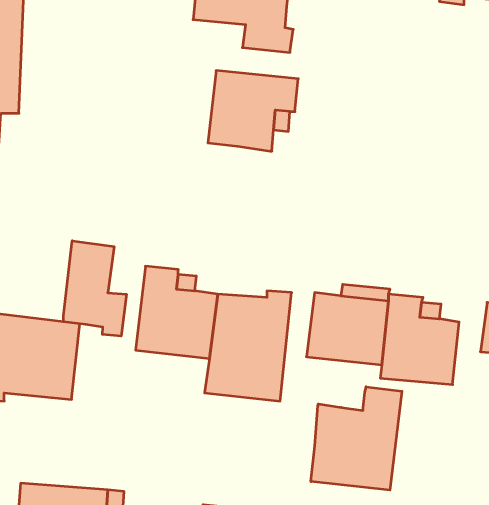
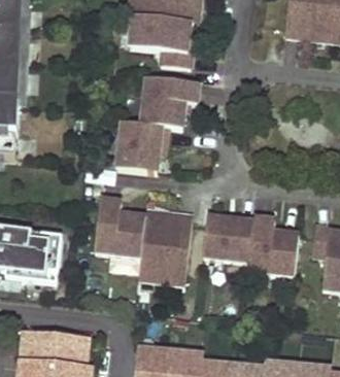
building: none -> [113,118,161,170]
building: [63,241,126,336] -> none
building: [311,387,402,490] -> none

